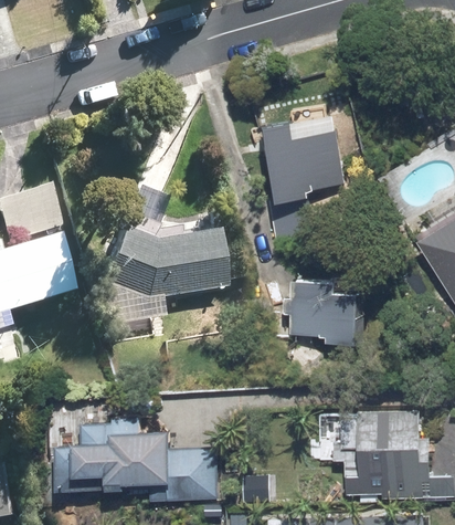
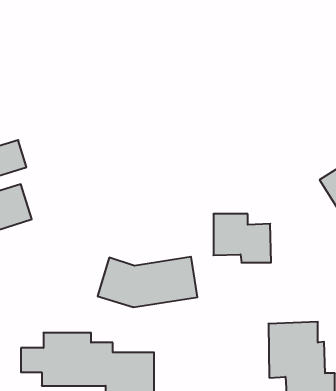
building: [262,124,347,202] -> none
building: [98,234,221,296] -> [98,257,197,307]

